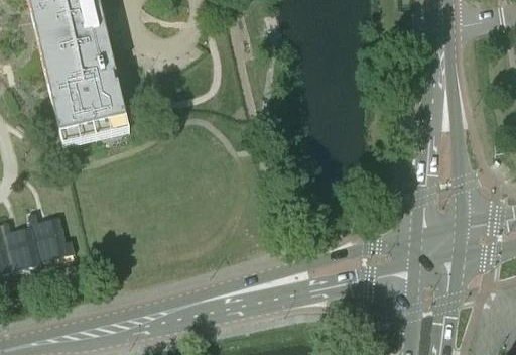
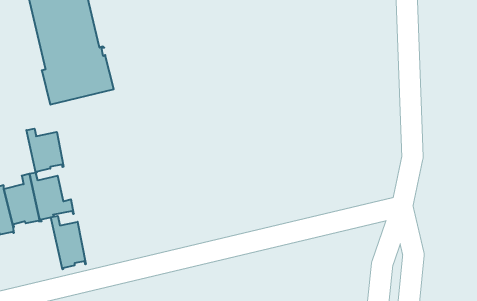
building: none -> [26,129,63,173]
building: none -> [51,216,86,269]

